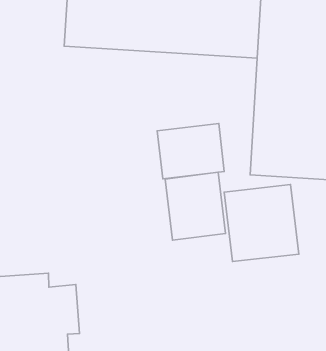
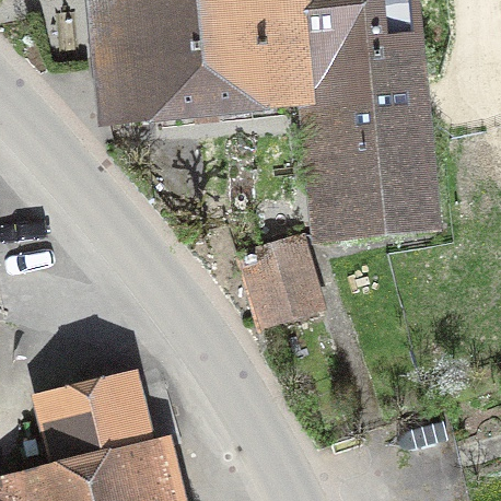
building: [157,123,224,179] -> none
building: [224,184,299,262] -> none

